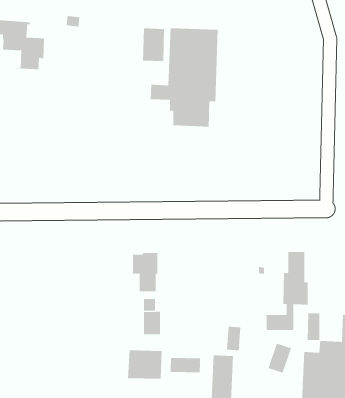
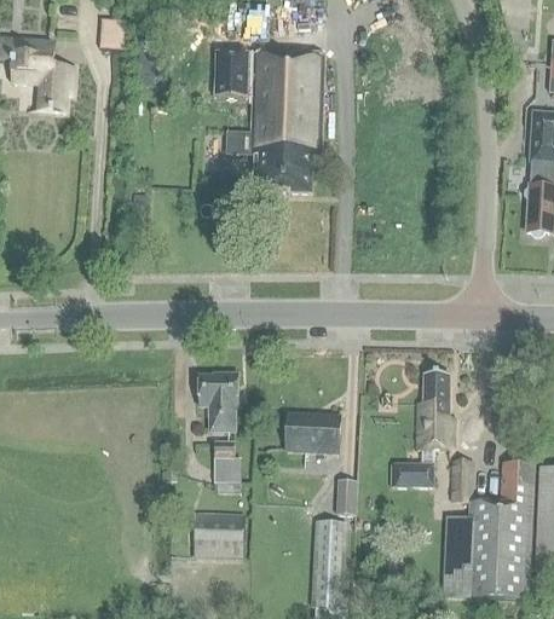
building: none -> [285,411,340,450]
building: [268,343,292,374] -> none
building: [170,357,200,373] -> none

